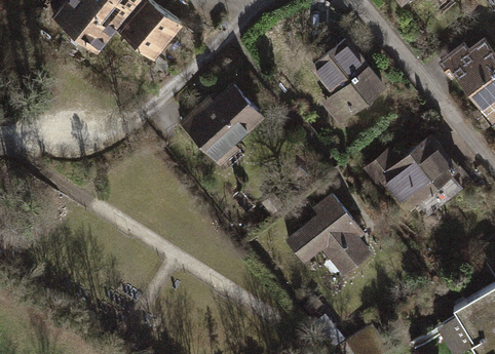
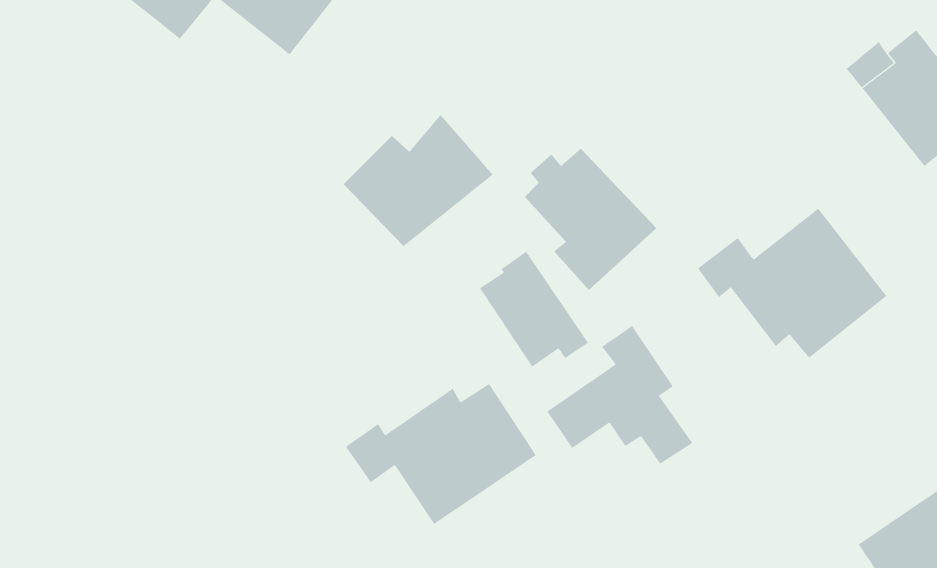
building: [313,43,383,118] -> [524,148,657,291]
building: none -> [479,251,589,367]
building: none -> [345,383,536,525]

